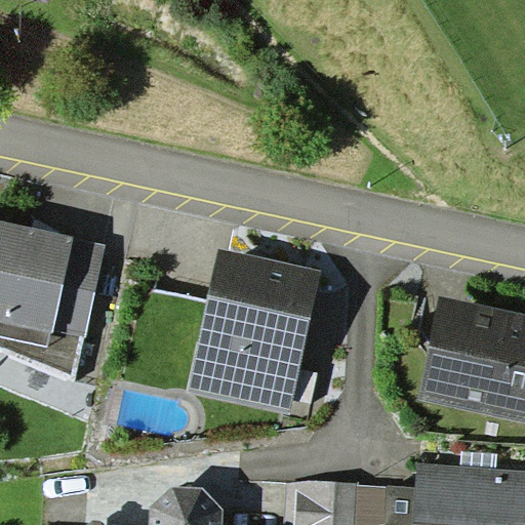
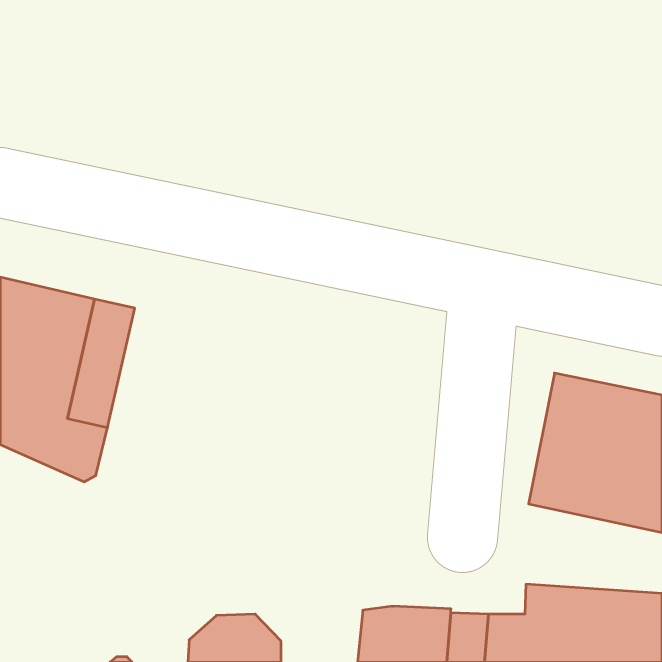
building: [189,248,321,413] -> none

